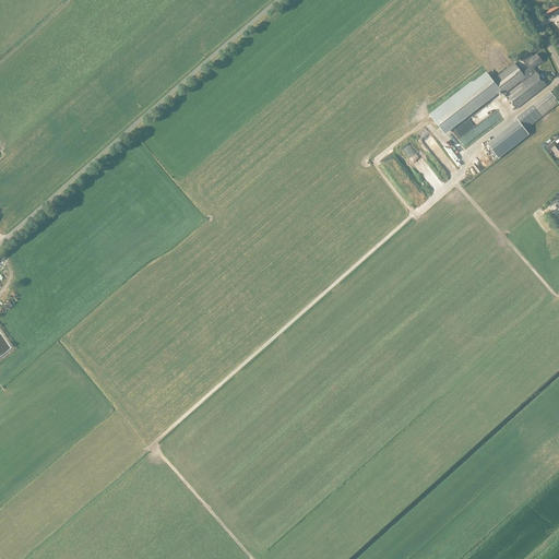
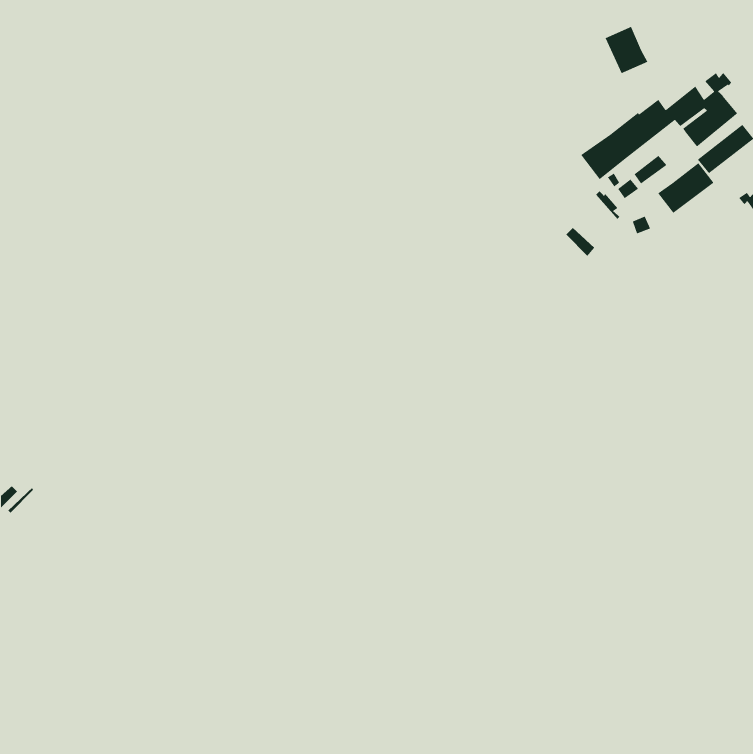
building: none -> [604,26,648,74]

